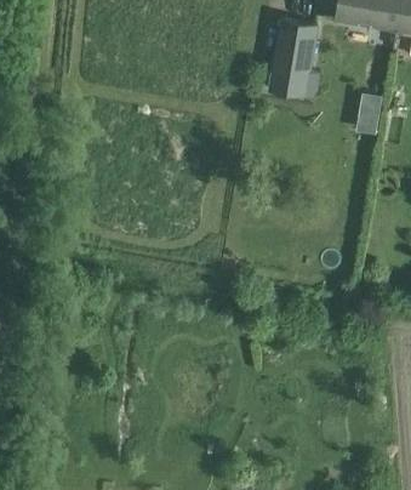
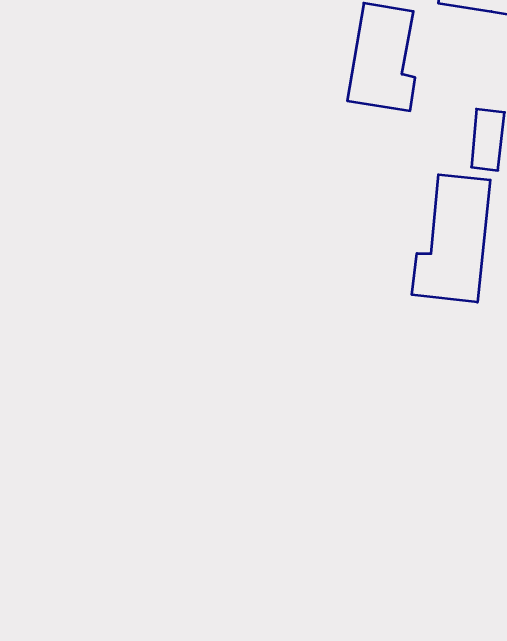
building: none -> [412,175,490,302]

